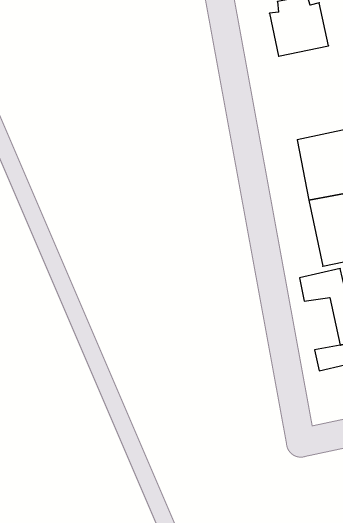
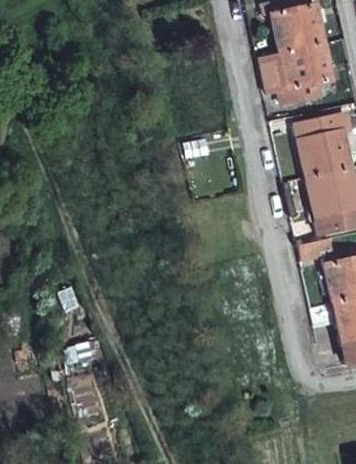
building: none -> [261,43,331,103]

